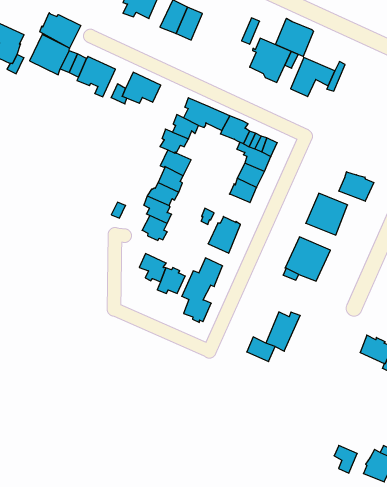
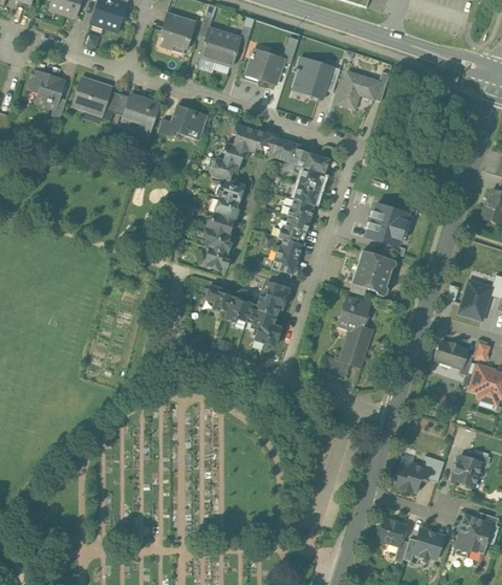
building: [40,13,81,48] -> none
building: [275,18,314,57] -> none
building: none -> [246,49,280,81]
building: [339,172,374,201] -> none
building: none -> [278,215,309,242]
building: none -> [338,296,369,330]
building: none -> [396,462,430,491]

